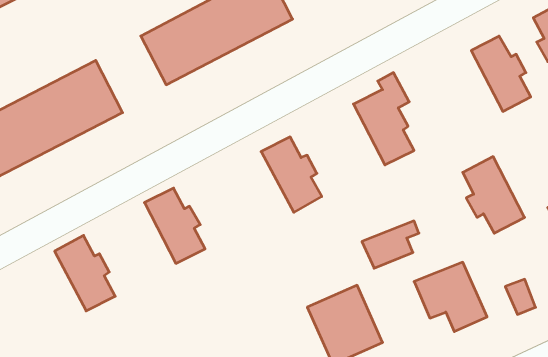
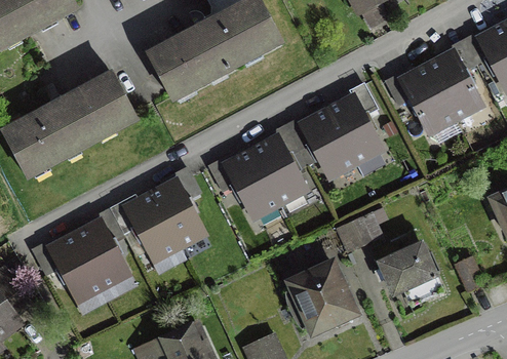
building: none -> [287,110,356,174]
building: none -> [226,150,279,214]
building: [463,157,525,233] -> [403,65,456,129]
building: none -> [127,193,180,257]
building: none -> [51,234,104,298]

